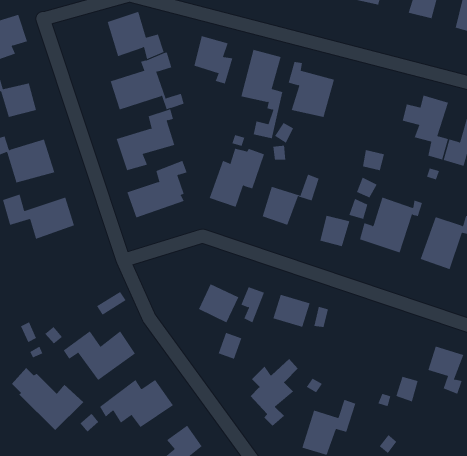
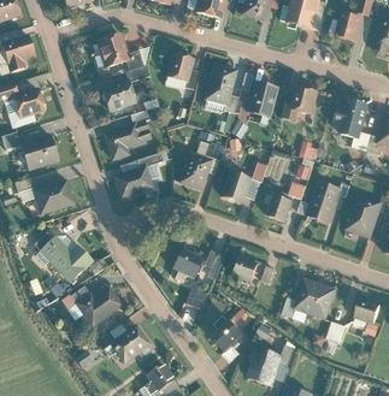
building: none -> [281,87,319,124]
building: none -> [284,280,336,320]
building: [11,367,84,431] -> [35,232,93,283]

